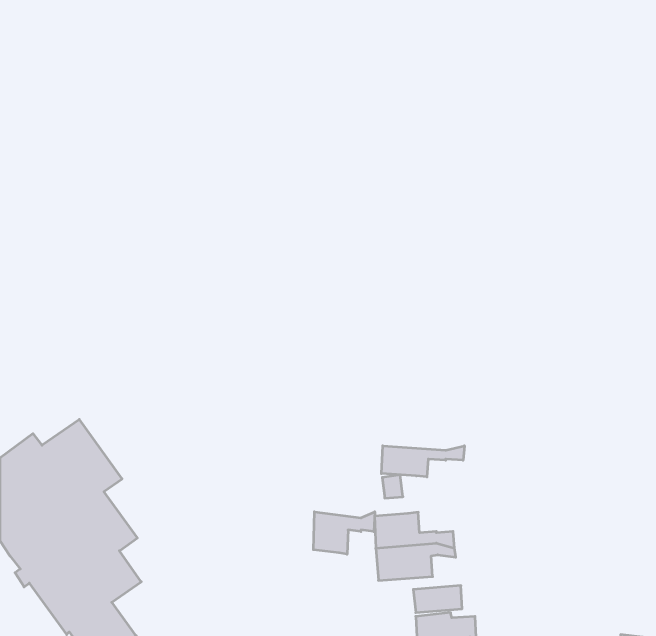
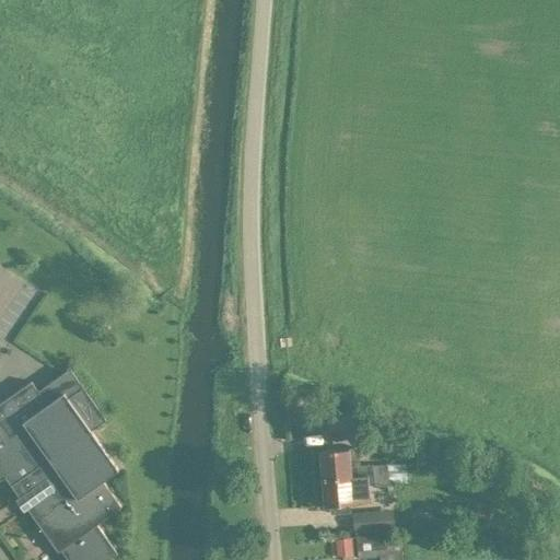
building: [381,446,464,477] -> none
building: [313,512,375,554] -> none

